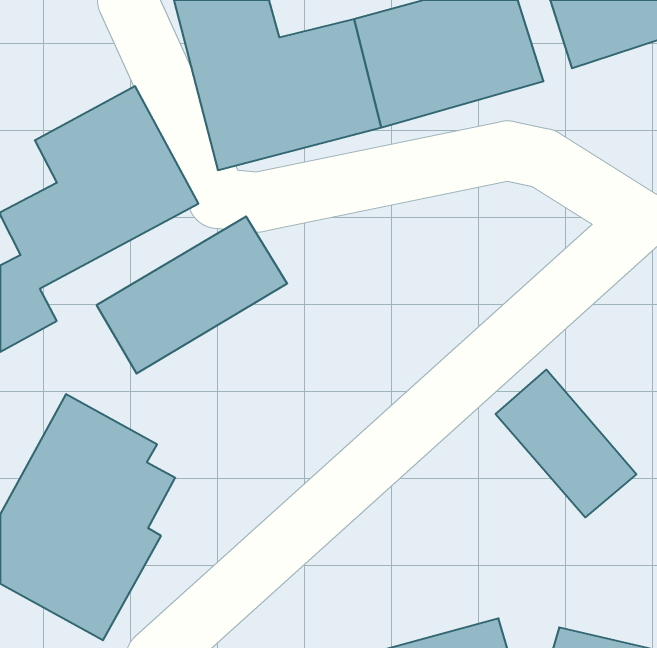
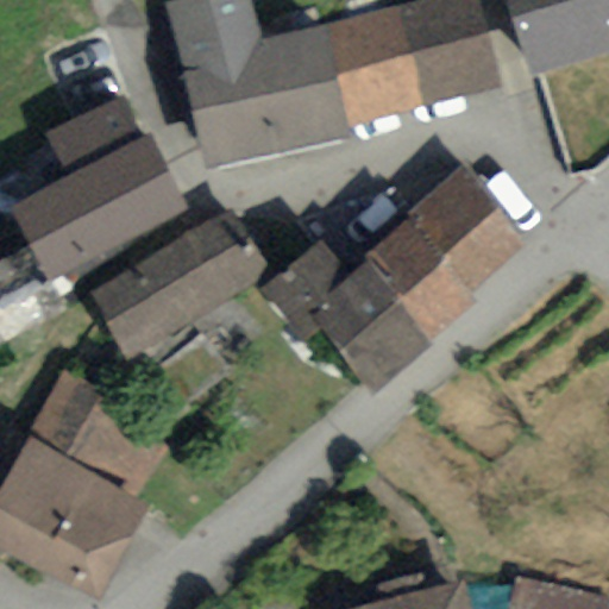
building: none -> [259,176,522,379]
building: [496,370,636,517] -> none

